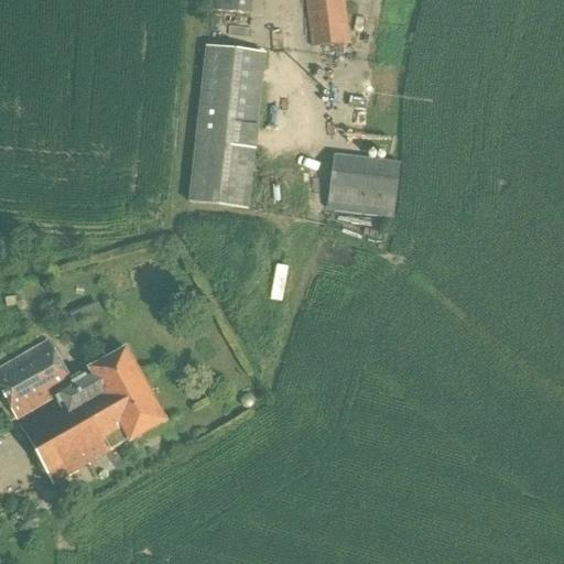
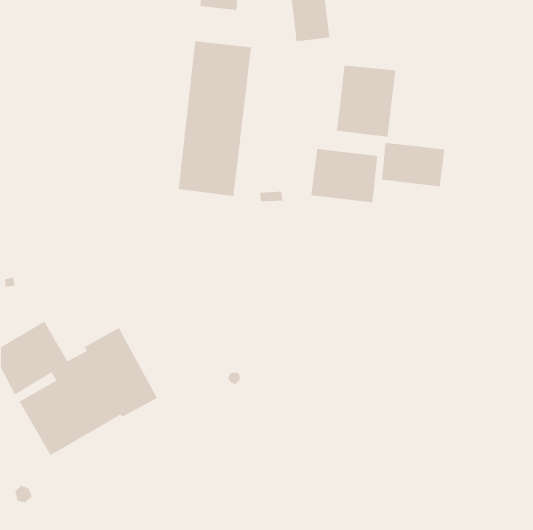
building: none -> [337,65,396,137]
building: none -> [381,142,445,187]

